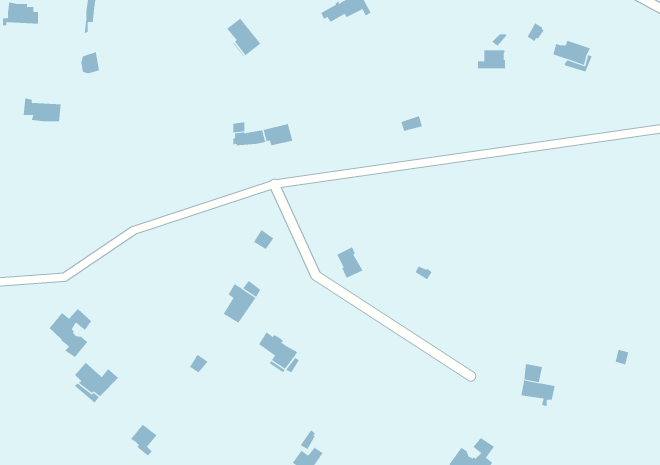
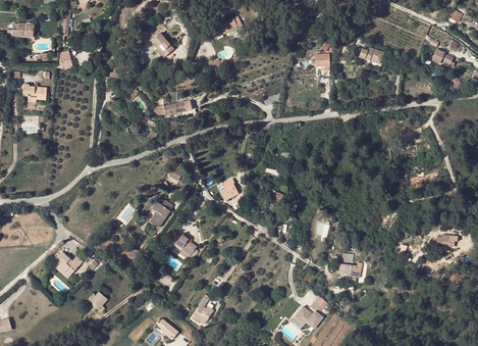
building: [49,308,92,358] -> none

